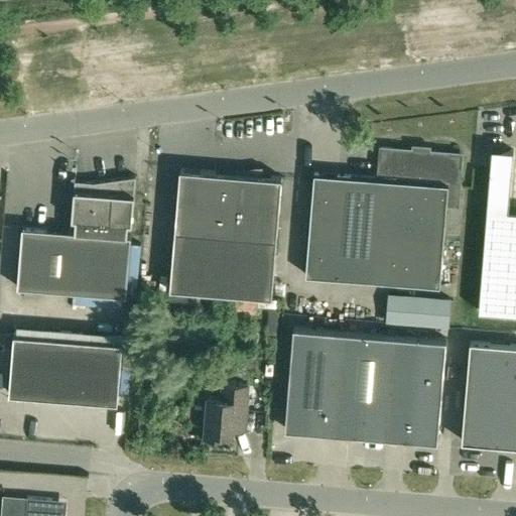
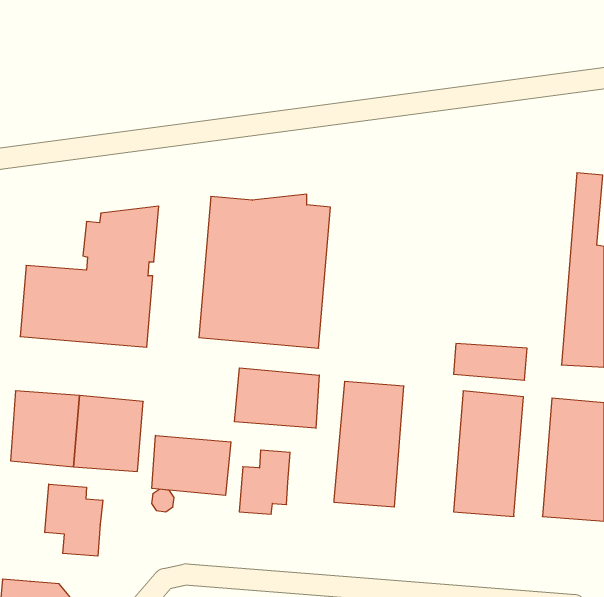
building: [304,154,461,291] -> none
building: none -> [235,368,319,428]
building: [336,336,394,442] -> none
building: none -> [152,435,231,495]
building: none -> [45,484,103,556]

